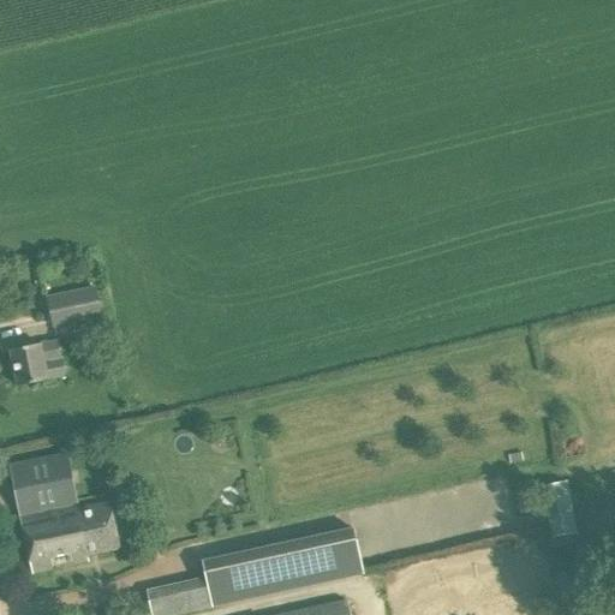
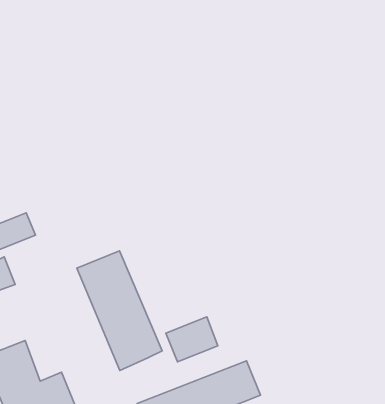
building: none -> [77,251,162,370]
building: none -> [166,317,218,362]

